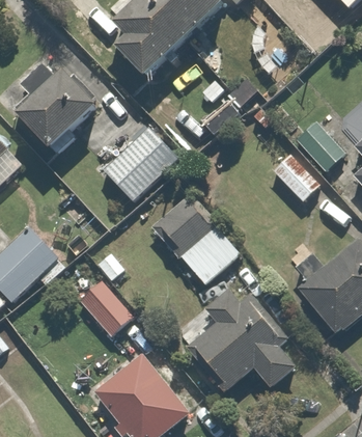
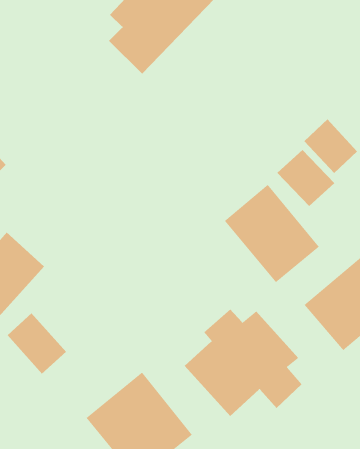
building: [23,71,98,153] -> none
building: [103,122,179,204] -> none
building: [156,195,244,286] -> [224,184,320,283]
building: [78,278,133,335] -> [7,312,67,375]

